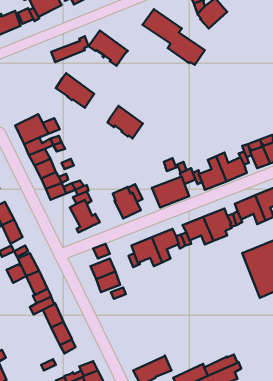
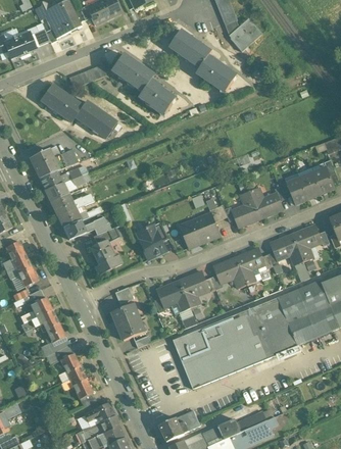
building: none -> [40,84,81,121]
building: [107,106,143,138] -> [137,79,176,114]
building: none -> [173,297,297,389]
building: none -> [84,402,114,427]

